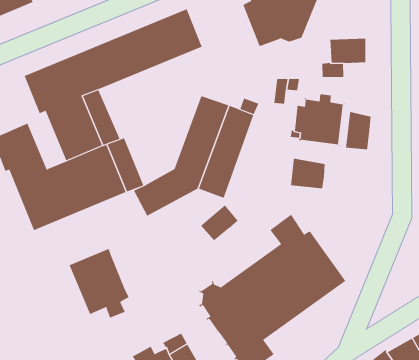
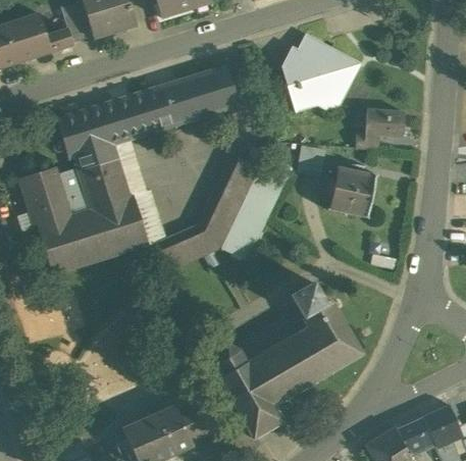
building: [346,111,371,150] -> none
building: [290,158,325,189] -> none
building: [200,204,238,241] -> none
building: [69,248,130,318] -> none

